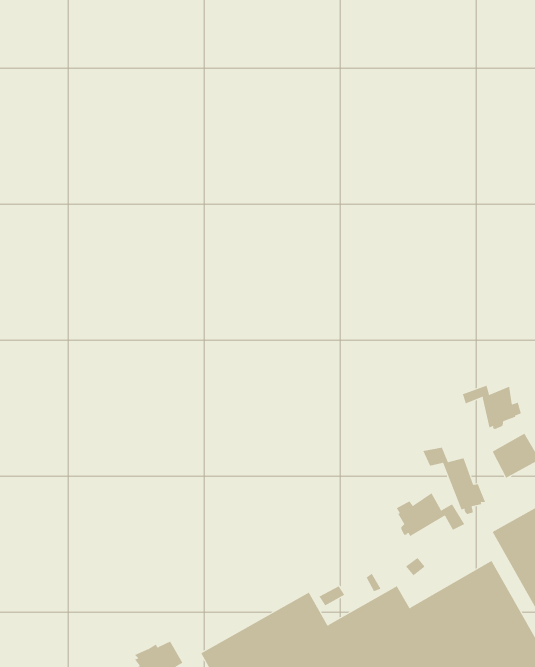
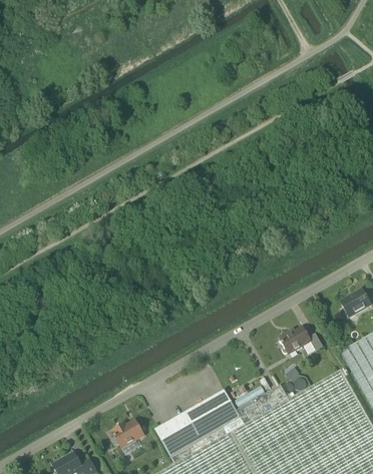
building: [462,385,522,430] -> none
building: [422,447,486,515] -> none

